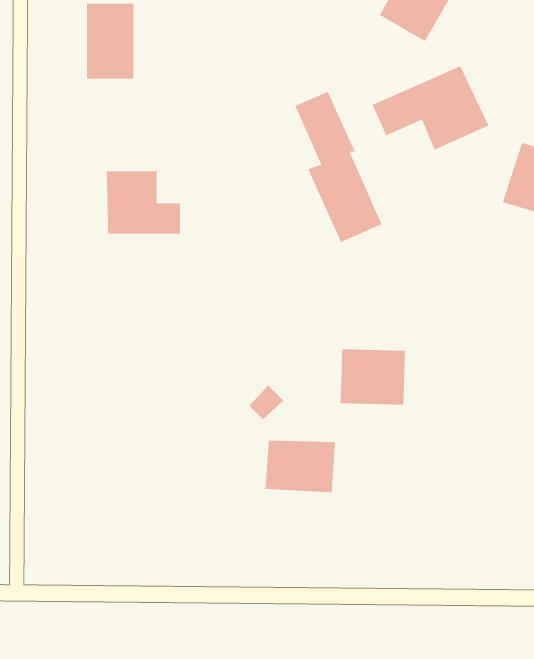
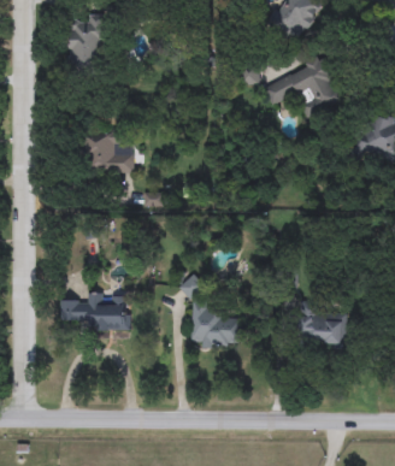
building: [294,91,382,243] -> none
building: [340,349,406,406] -> [299,306,343,344]
building: none -> [60,291,128,328]

